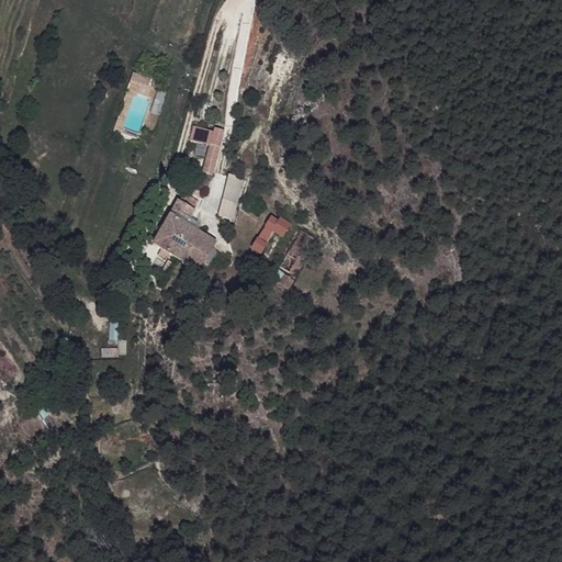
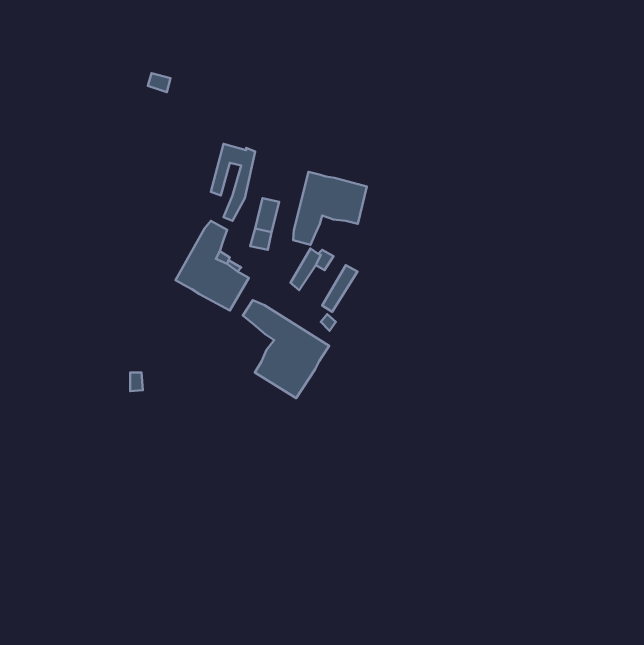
building: none -> [293,172,367,245]
building: none -> [243,300,329,398]

